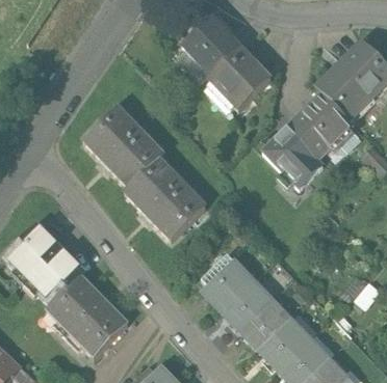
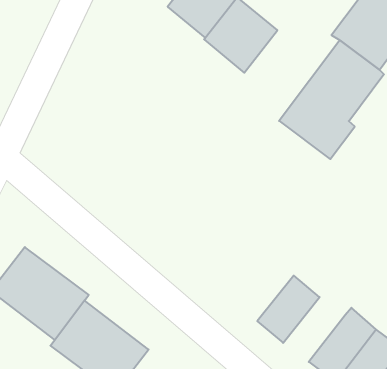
building: [84,107,206,240] -> none
building: [201,256,256,313] -> none
building: [239,301,293,353] -> none

